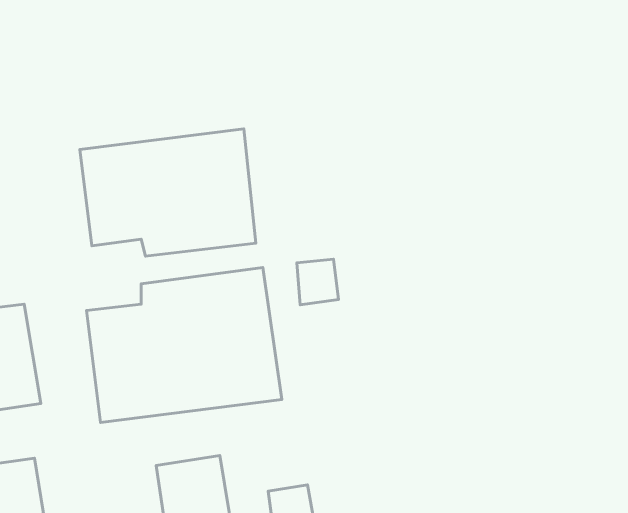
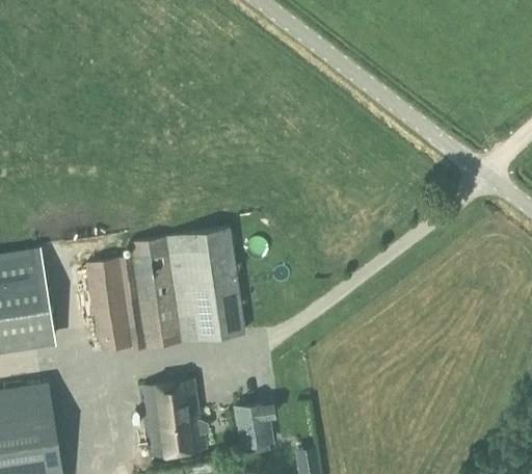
building: [80,129,256,256] -> none
building: [297,259,339,305] -> none

